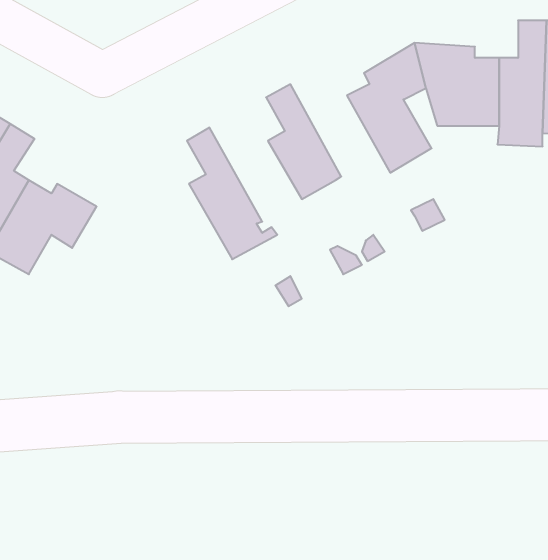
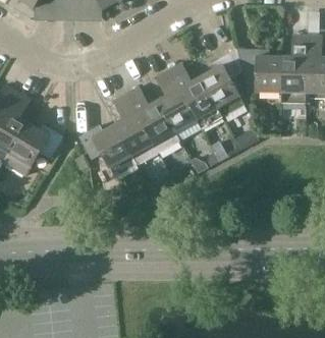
building: none -> [169,63,223,131]
building: none -> [125,87,177,152]
building: none -> [78,124,138,177]

